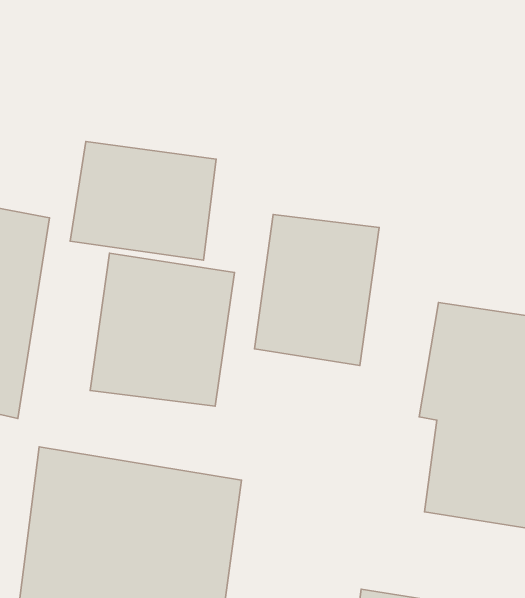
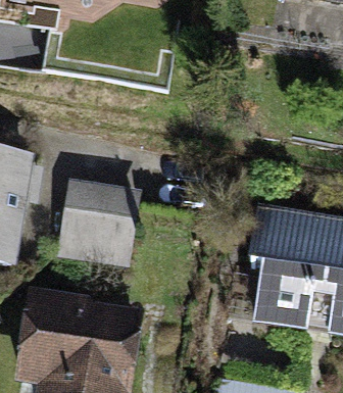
building: [70,141,216,260] -> none
building: [255,214,379,365] -> none

